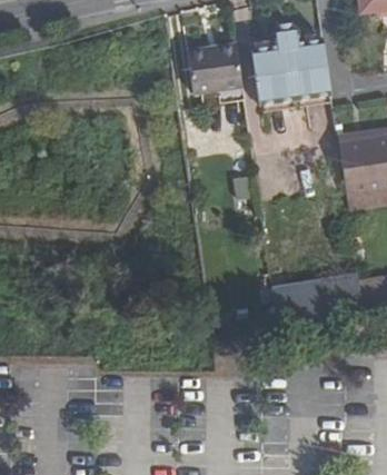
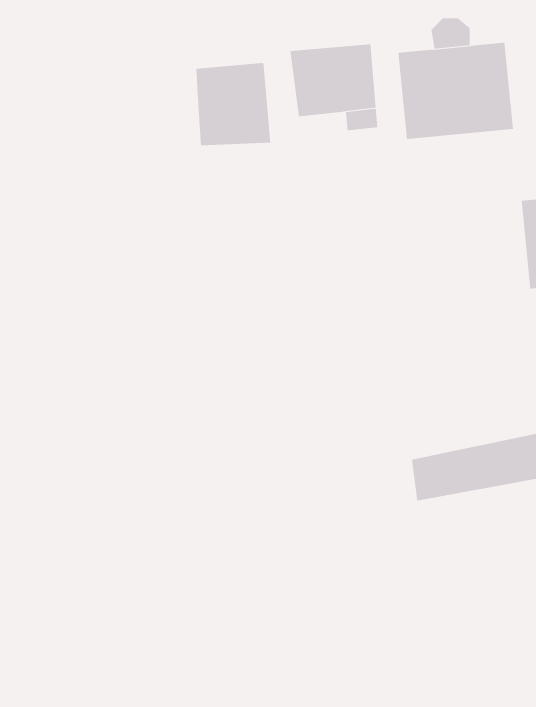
building: none -> [196,62,271,146]

